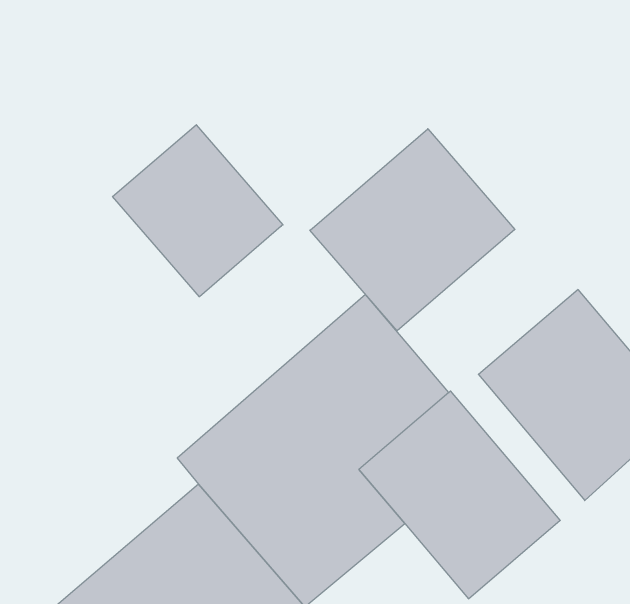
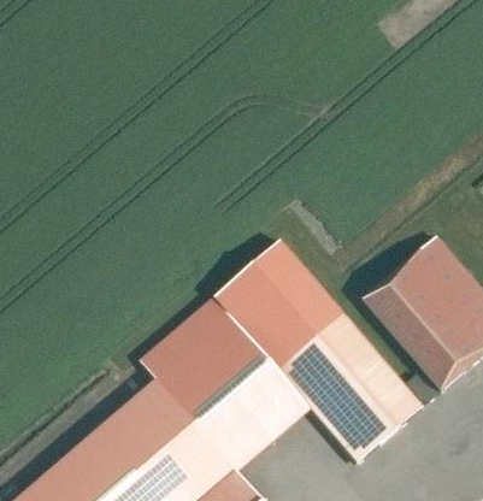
building: [113,125,283,297] -> none
building: [310,129,515,331] -> none

